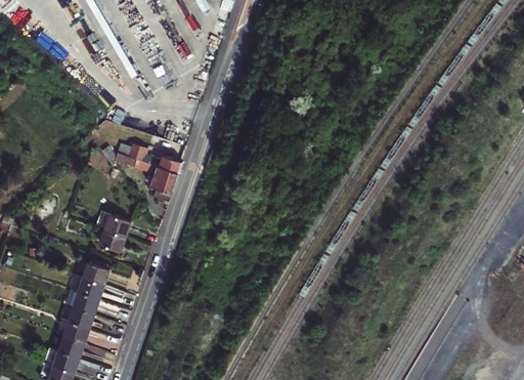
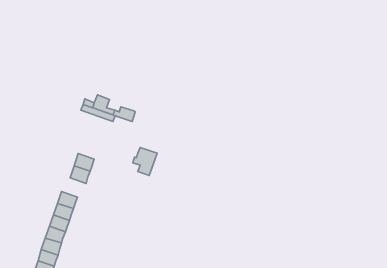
building: [146,167,177,203] -> [133,147,157,176]

